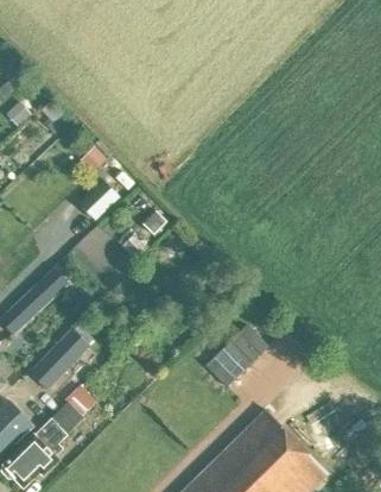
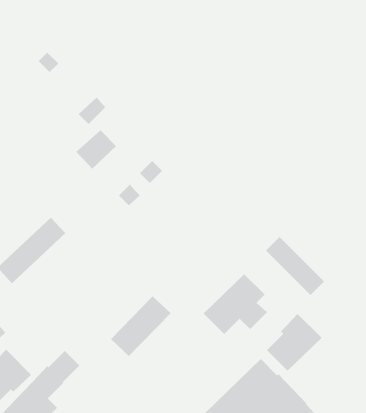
building: none -> [265,236,325,296]
building: [28,328,90,390] -> [110,295,171,357]
building: none -> [266,313,322,372]

